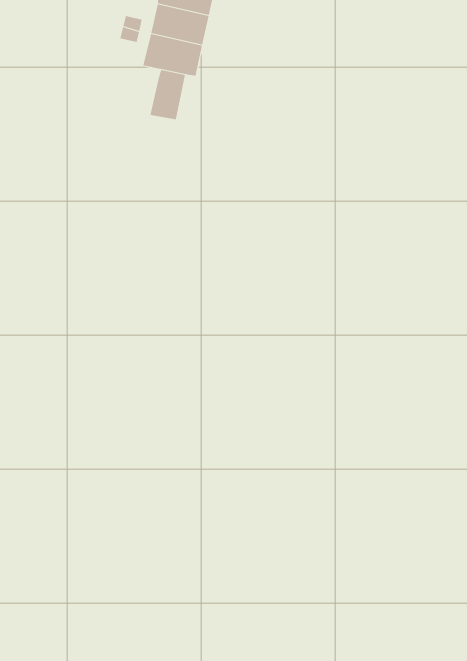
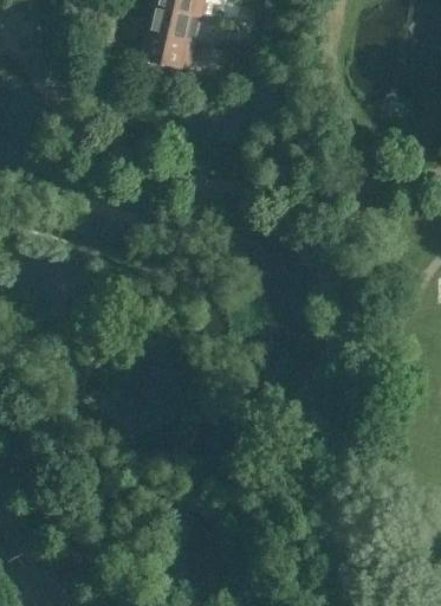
building: [150,69,185,120] -> none

